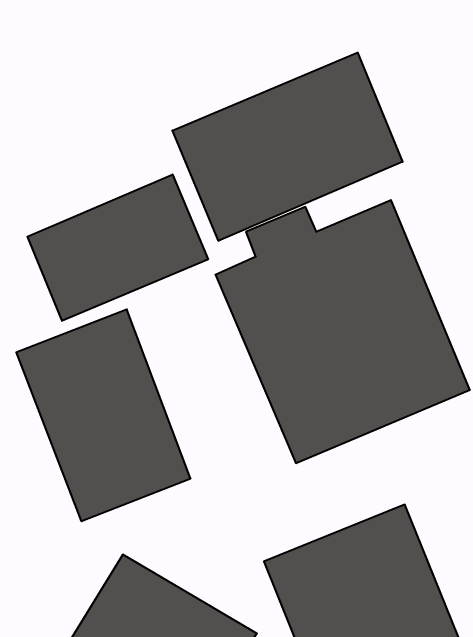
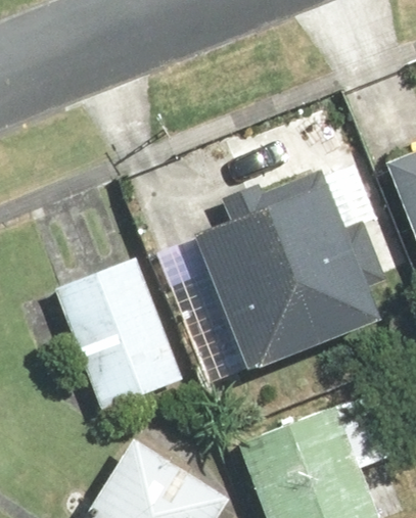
building: [172,53,403,241] -> none
building: [27,174,208,321] -> none

